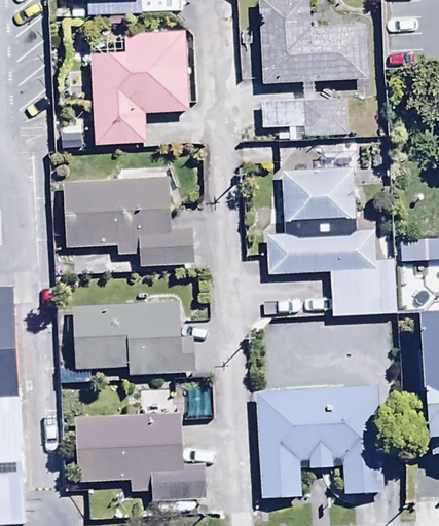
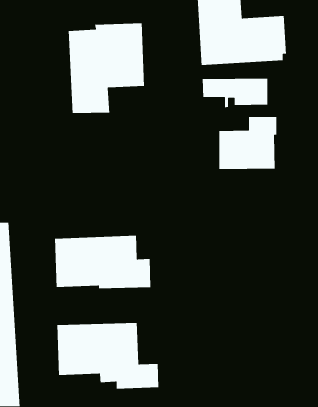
building: [63,171,191,265] -> none
building: [264,229,400,314] -> none
building: [255,385,394,496] -> none

